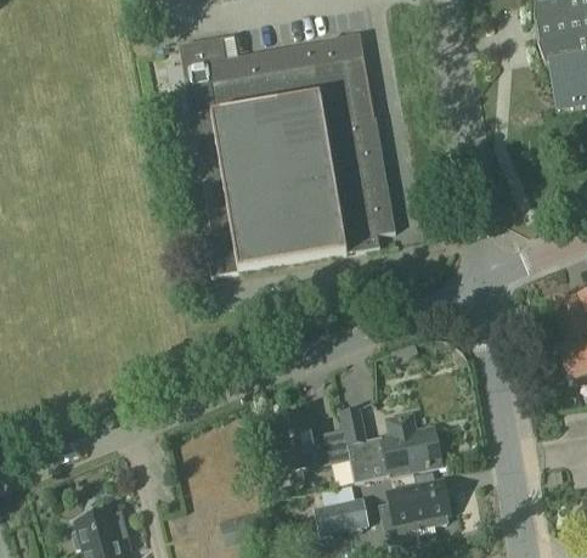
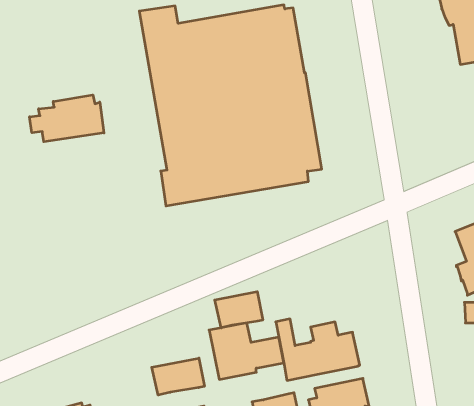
building: none -> [30,95,104,142]
building: none -> [215,292,263,328]
building: none -> [152,358,204,395]

